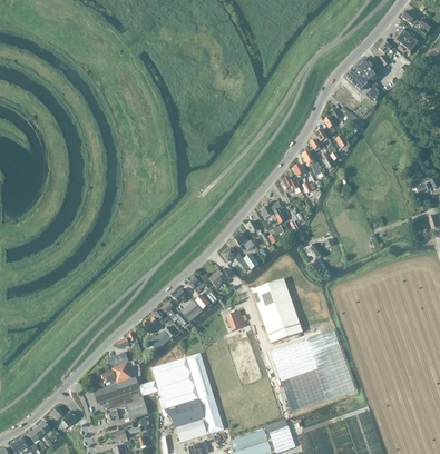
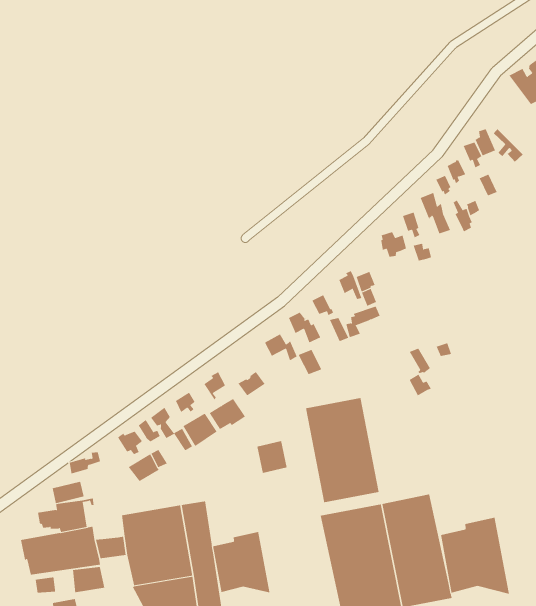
building: none -> [440,517,510,595]
building: none -> [213,531,271,593]

